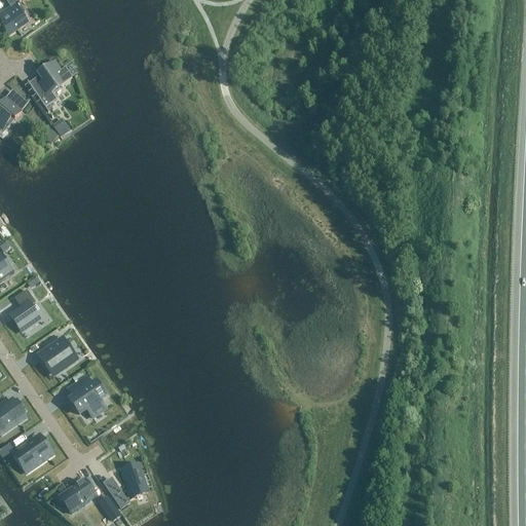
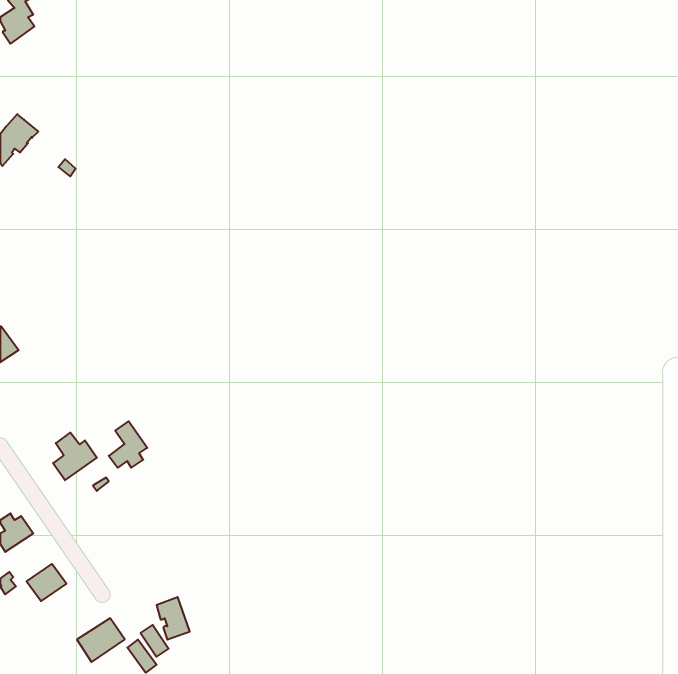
building: [29,62,72,105] -> none
building: [12,290,40,331] -> none
building: [72,377,102,413] -> [109,421,147,468]

